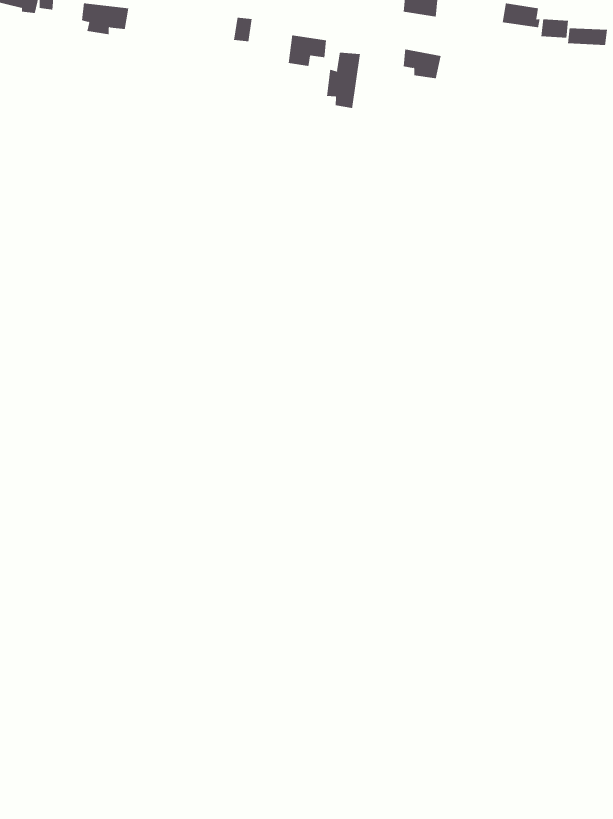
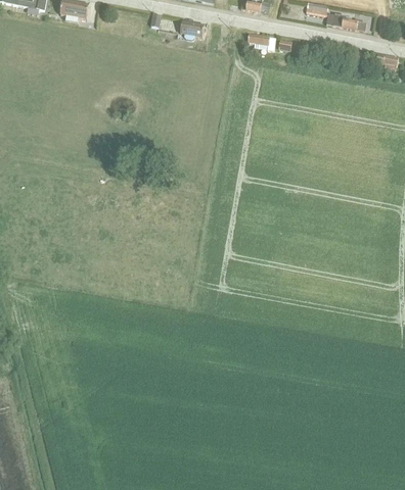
building: [327,52,361,109] -> none

